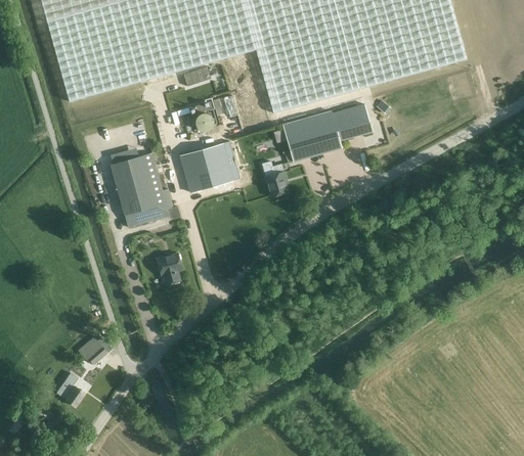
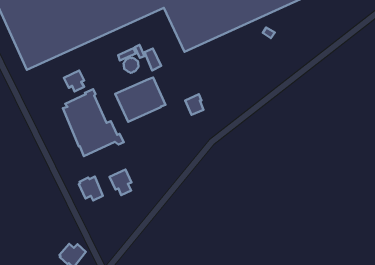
building: [280,103,370,159] -> none
building: none -> [64,70,84,91]
building: none -> [79,176,103,201]

